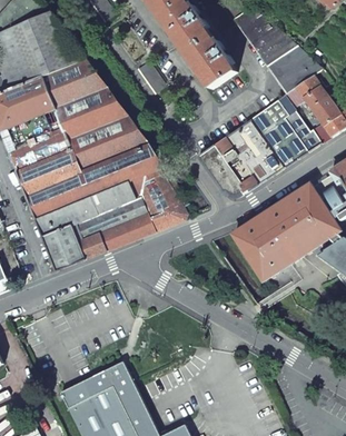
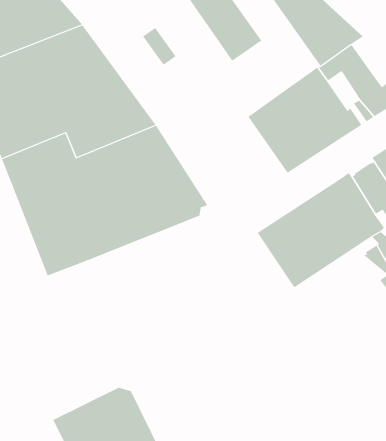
building: [197,137,258,198] -> none

